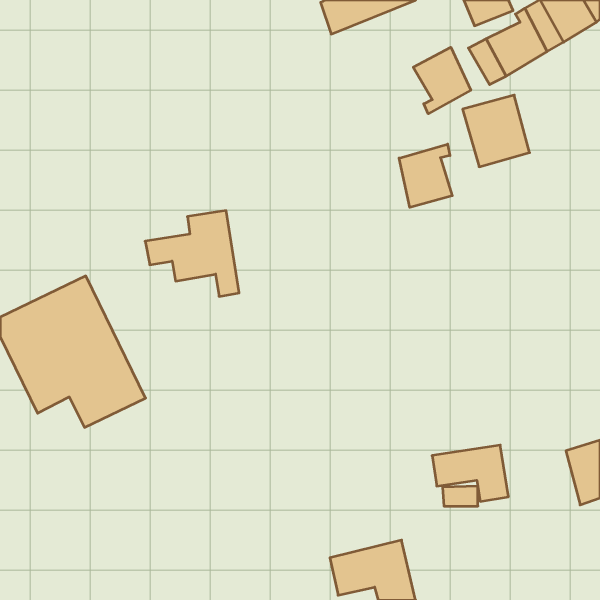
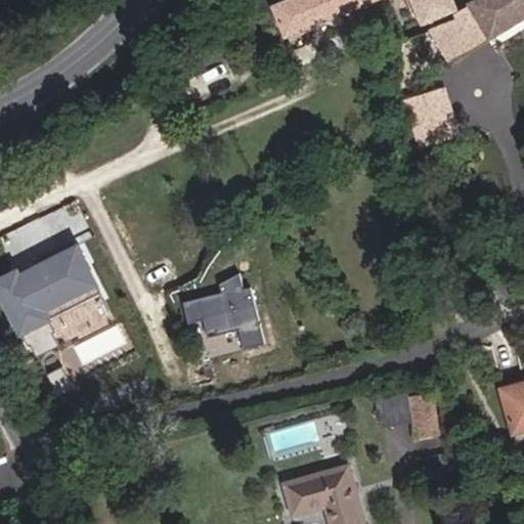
building: [413,47,471,114] -> none
building: [399,144,452,207] -> none
building: [145,211,239,296] -> [179,271,261,346]

